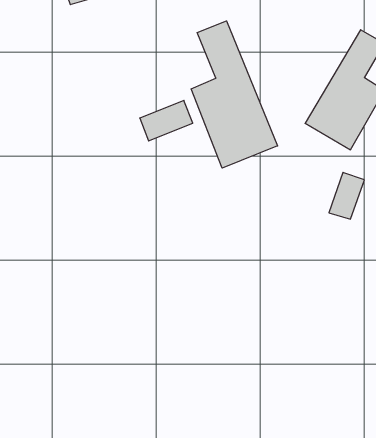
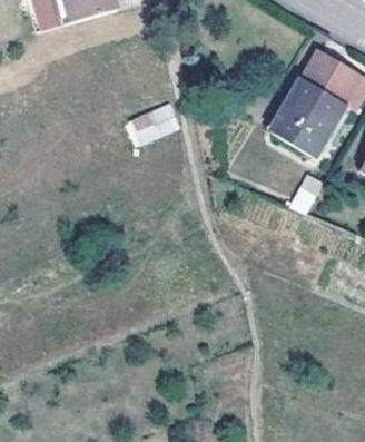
building: [191,21,278,168] -> none

